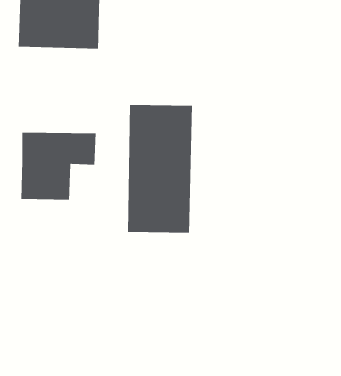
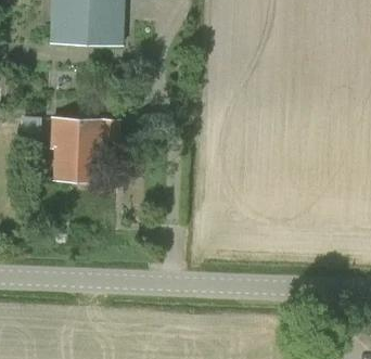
building: [127,104,193,234] -> none

